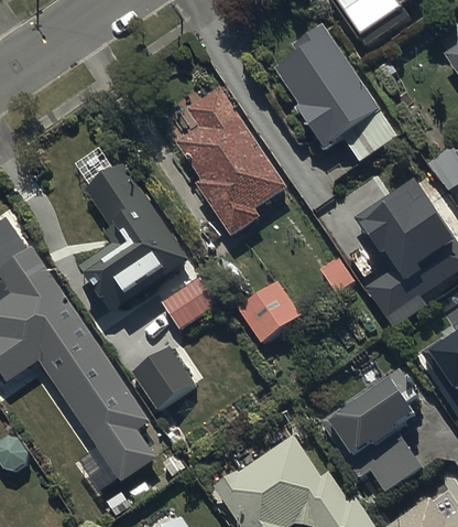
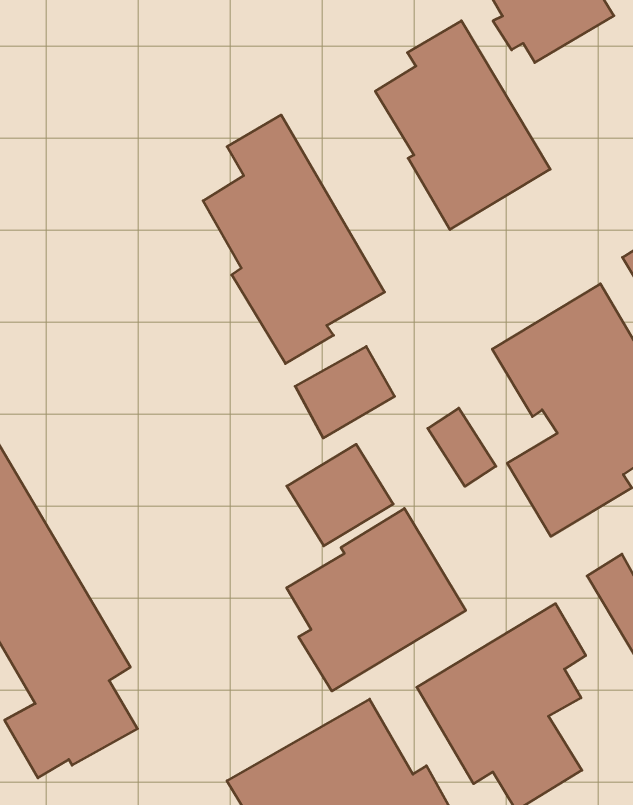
building: [79,164,190,314] -> none
building: [161,273,220,330] -> [295,346,395,438]
building: none -> [287,508,466,691]
building: [129,341,194,407] -> none

